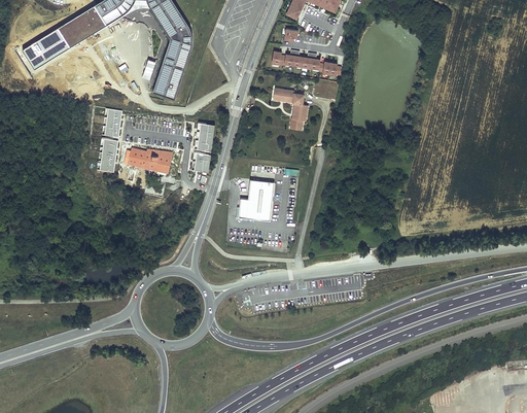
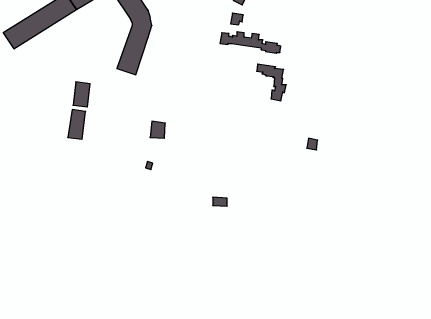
building: [274,88,308,130] -> [257,64,286,101]
building: [195,124,213,151] -> none
building: [119,147,172,171] -> none
building: [239,179,275,220] -> none

